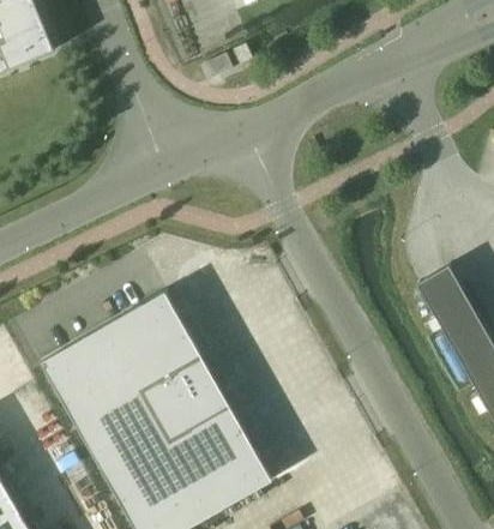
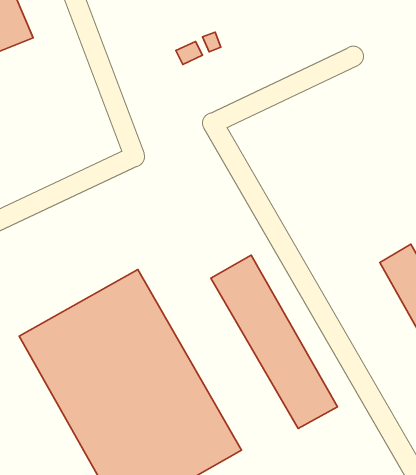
building: none -> [211,255,338,429]

